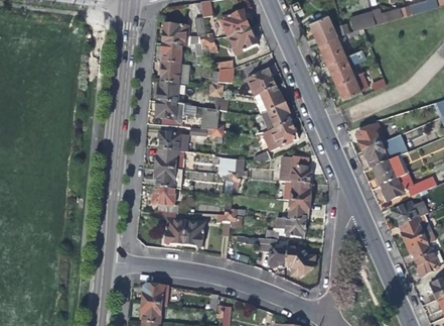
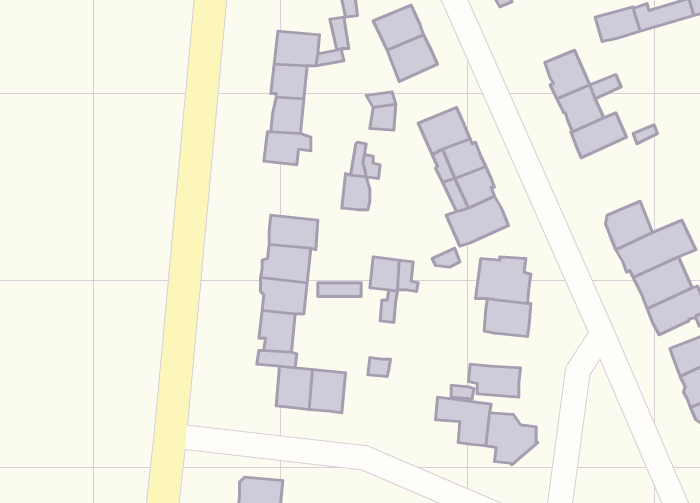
building: [309,14,343,43] -> none
building: [155,100,193,126] -> none
building: [288,200,309,221] -> none

